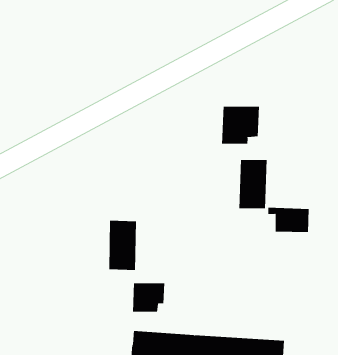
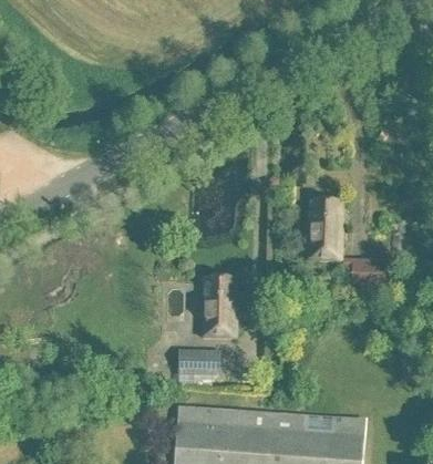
building: [222,106,259,144] -> none
building: [108,220,137,270] -> [203,276,237,337]

